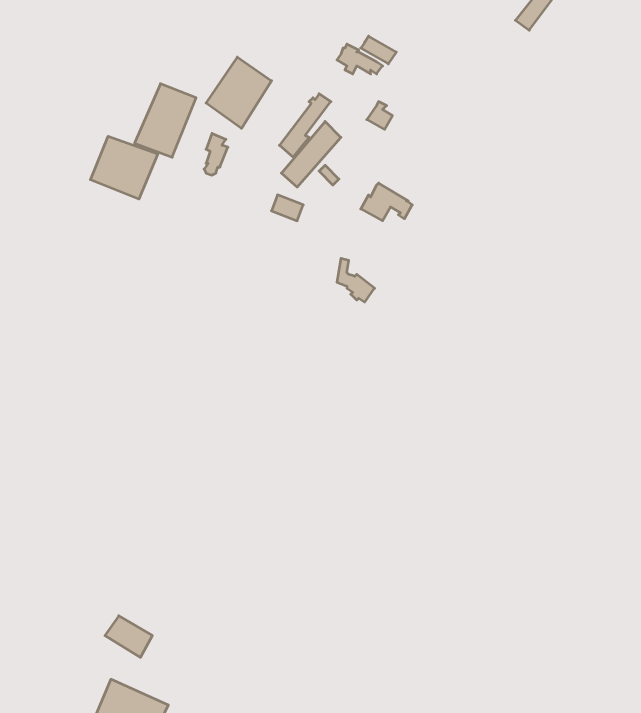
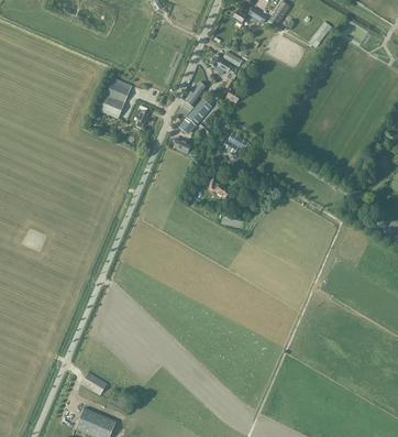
building: [206,57,272,128] -> none
building: [90,136,158,199] -> none

